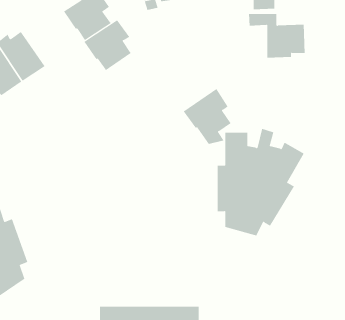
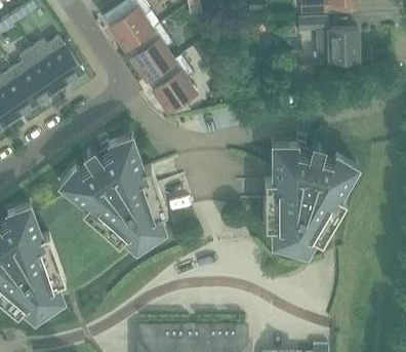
building: [183,88,231,144] -> [145,54,196,114]
building: none -> [58,133,166,248]

